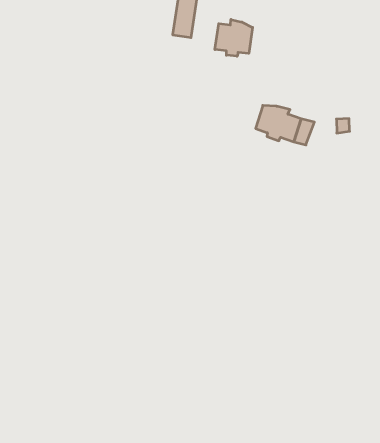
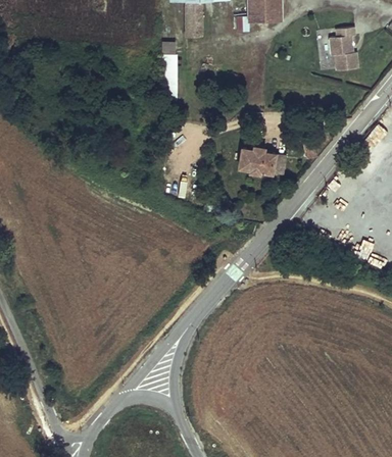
building: [215,19,253,56] -> none

